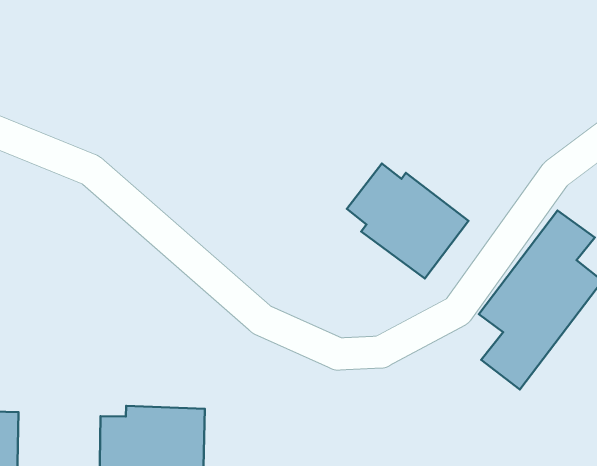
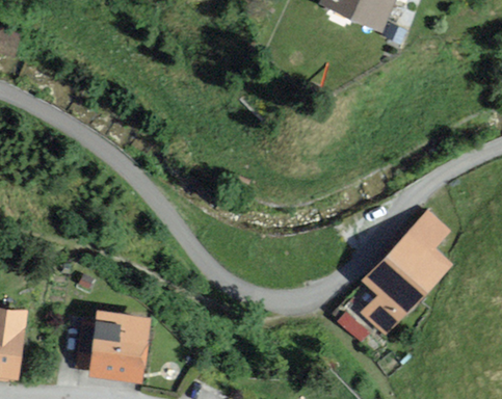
building: [347,163,469,278] -> none

